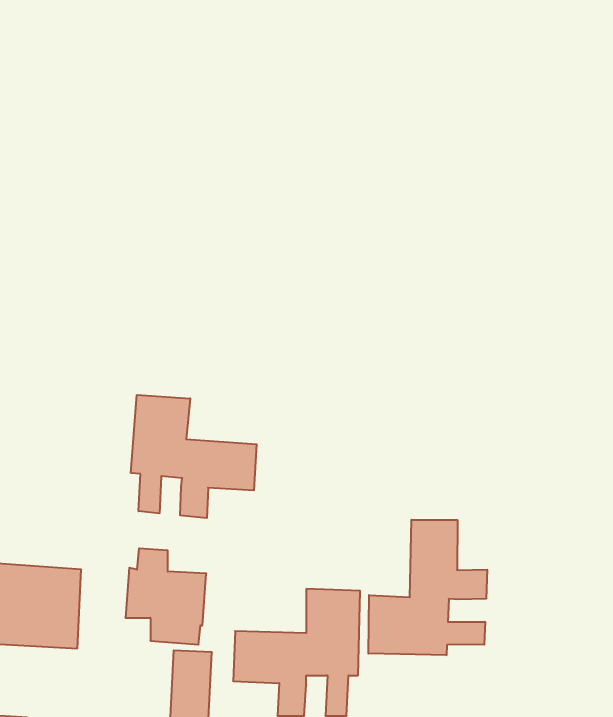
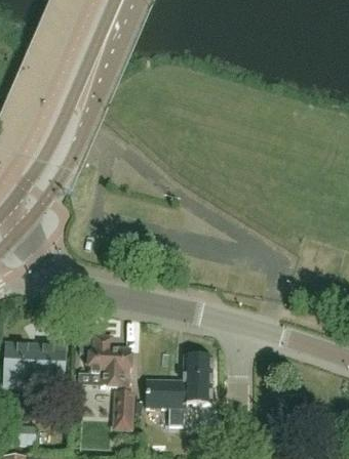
building: [131,395,257,518] -> none
building: [368,520,487,655] -> none

